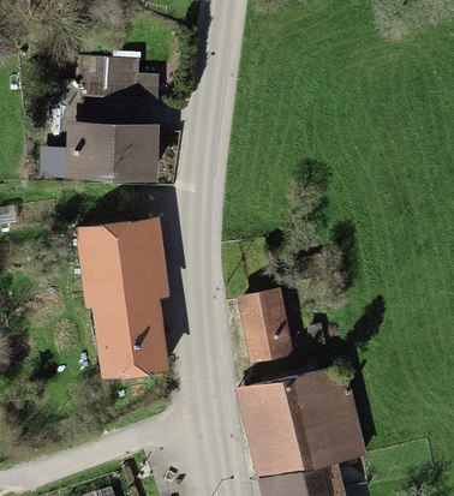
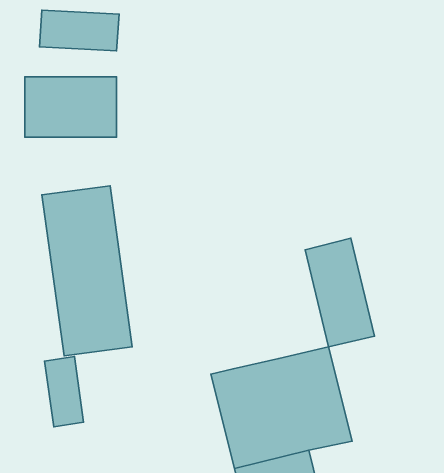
building: [237,291,300,390] -> [305,238,374,347]
building: none -> [45,356,84,427]

